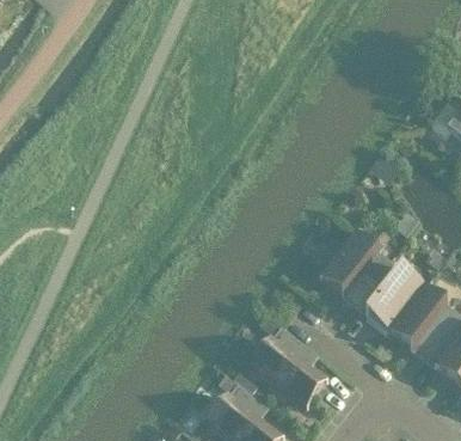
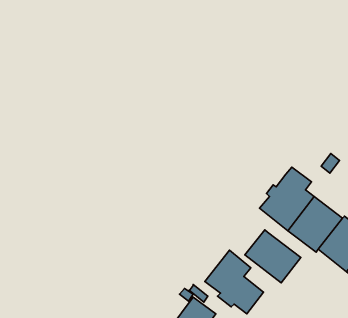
building: none -> [245,230,301,283]

